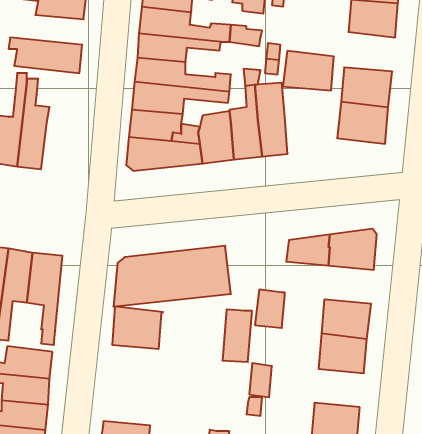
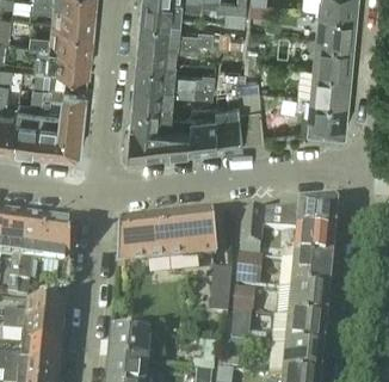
building: none -> [29,23,91,48]
building: [283,51,334,91] -> [310,37,353,70]
building: none -> [55,72,87,155]
building: none -> [240,211,271,248]
building: none -> [294,234,335,266]
building: [112,306,163,349] -> [107,333,150,369]
building: none -> [285,321,327,353]

